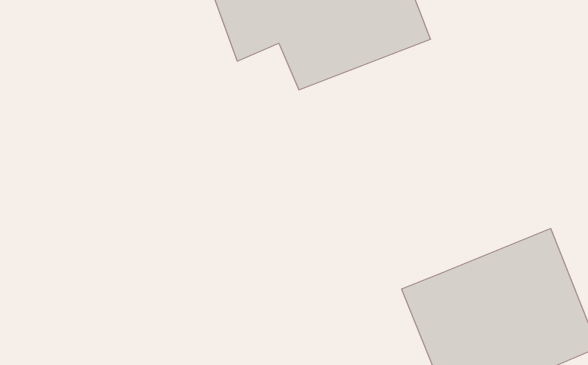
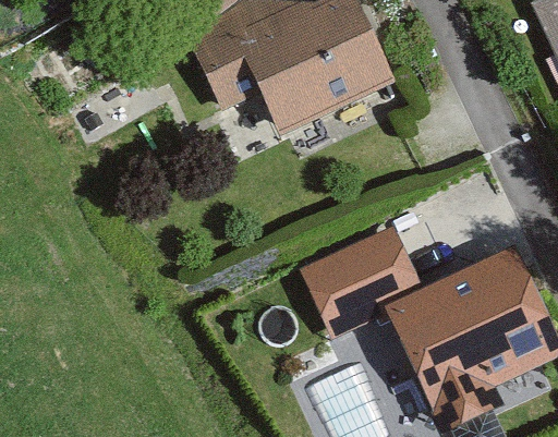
building: none -> [299,224,422,335]

